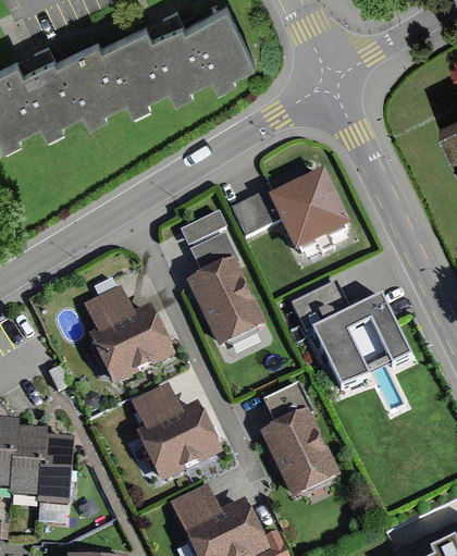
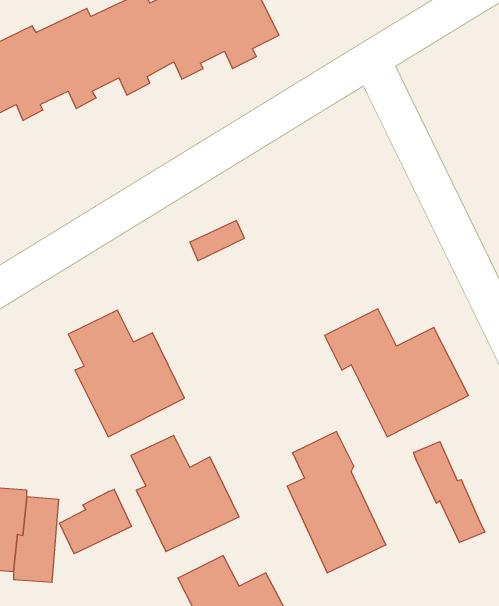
building: [232,172,351,254] -> none
building: [187,232,263,345] -> none
building: none -> [413,442,485,543]
building: none -> [59,489,132,554]

